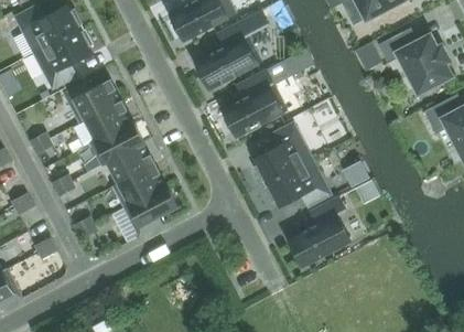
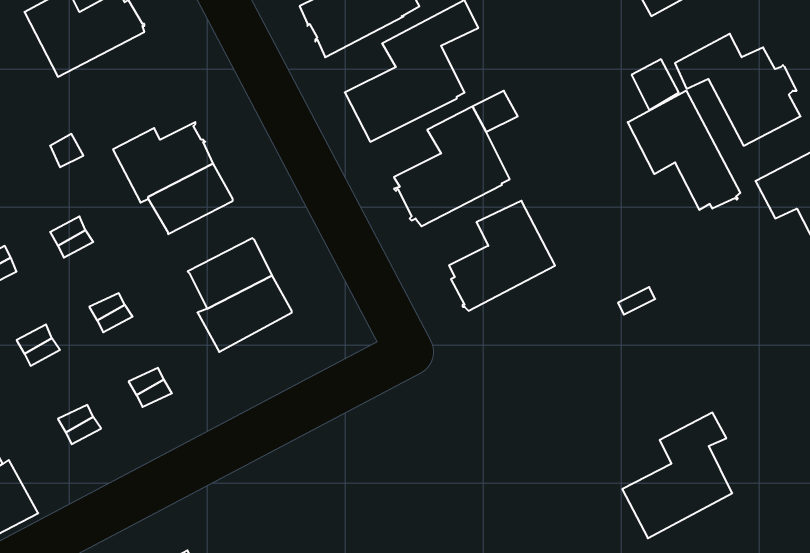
building: [34,29,93,90] -> none
building: none -> [628,91,740,210]
building: [90,121,145,167] -> none
building: [265,160,332,208] -> none
building: [125,185,179,237] -> none
building: [289,197,350,268] -> [622,413,732,538]

